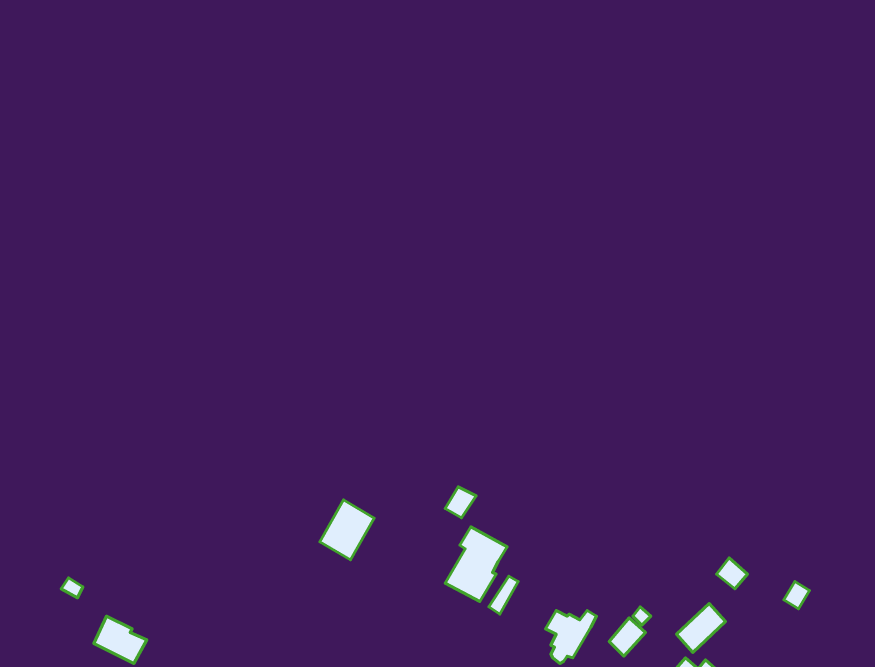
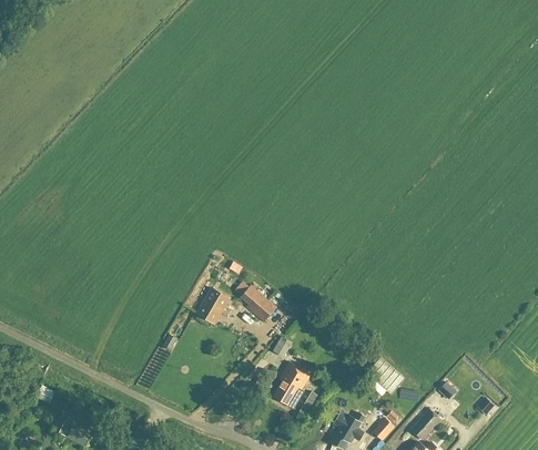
building: none -> [241,286,276,323]
building: [320,500,374,560] -> [196,288,230,325]

